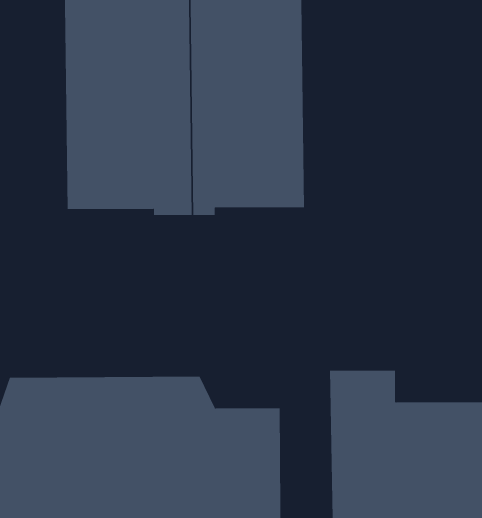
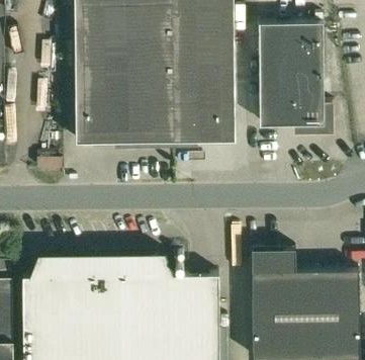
building: none -> [259,22,334,131]

